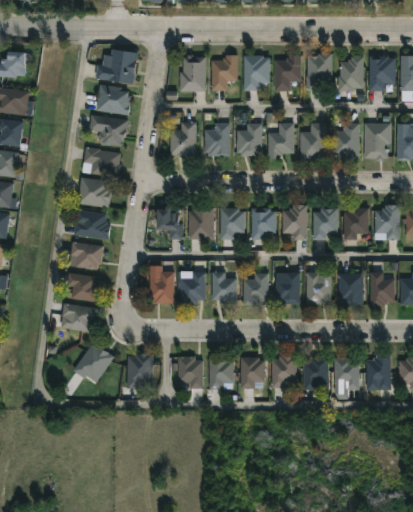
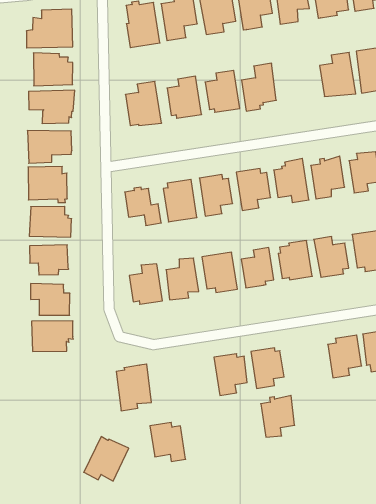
building: [301,122,327,160] -> none
building: [73,343,113,381] -> [84,437,129,481]
building: [272,354,298,387] -> [261,395,295,437]
building: [178,355,203,387] -> [150,422,186,461]

